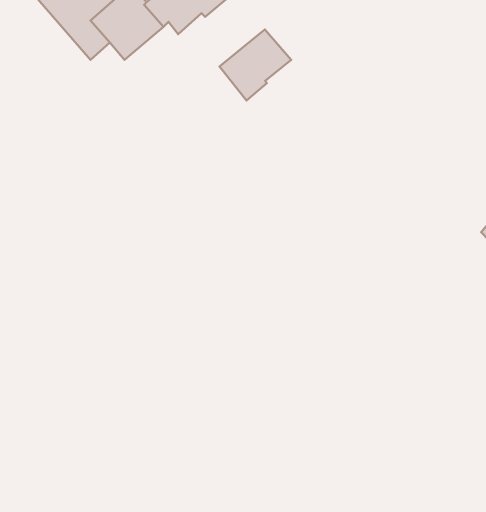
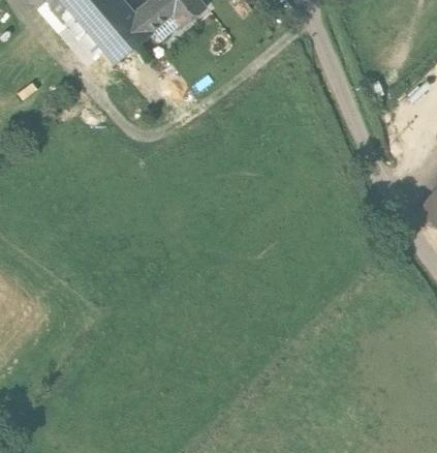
building: [219,29,291,100] -> none

